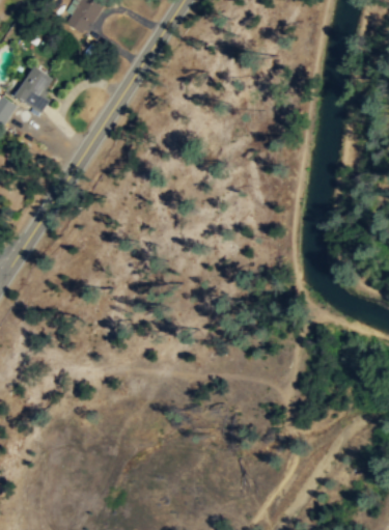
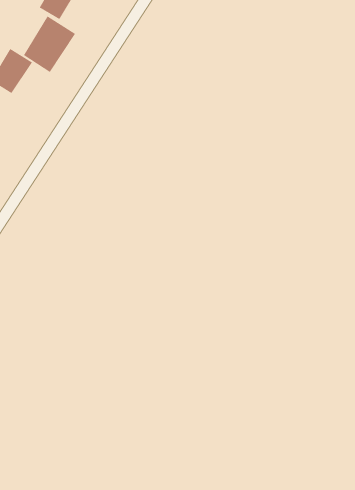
building: none -> [23,16,76,73]

